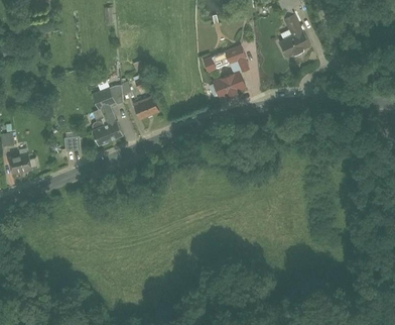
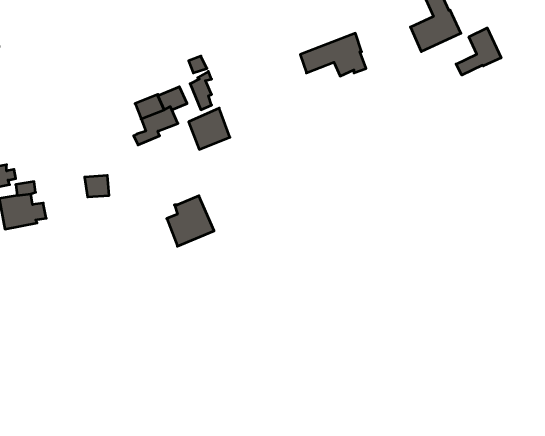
building: none -> [456,28,501,75]
building: [205,69,247,98] -> none
building: [91,112,122,145] -> [167,196,214,246]

